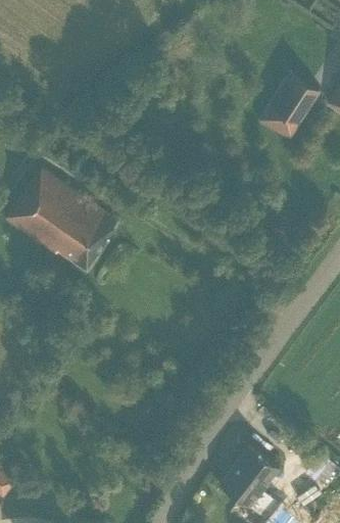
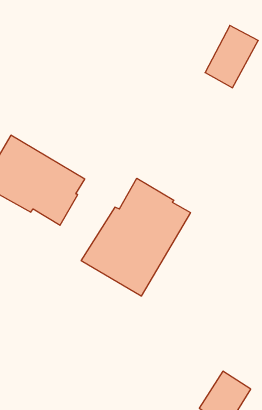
building: none -> [81,178,190,296]

